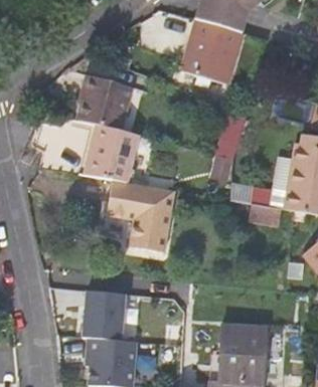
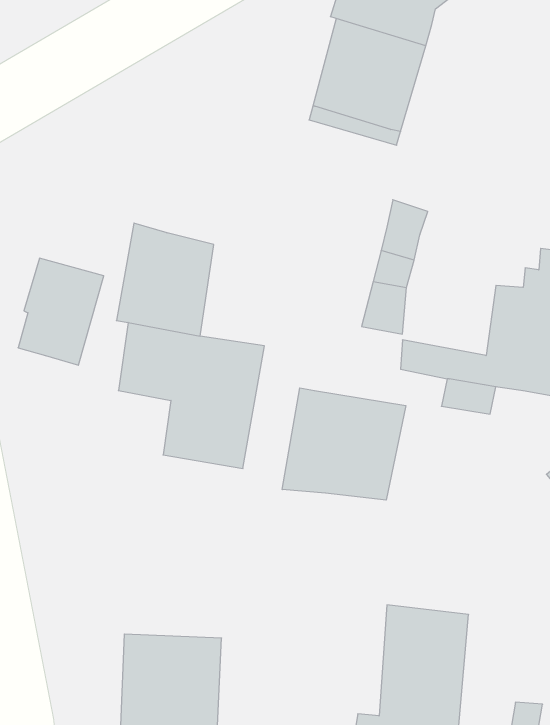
building: [78,72,123,128] -> [18,258,104,365]
building: none -> [282,388,406,500]
building: [83,285,127,335] -> none

